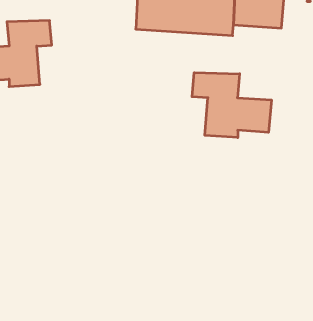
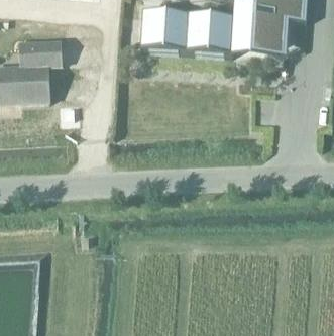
building: [192,73,271,138] -> none

